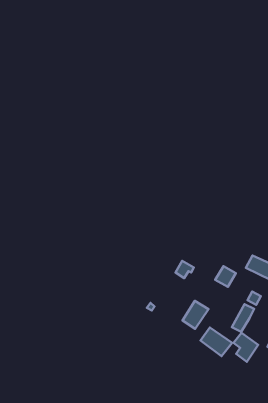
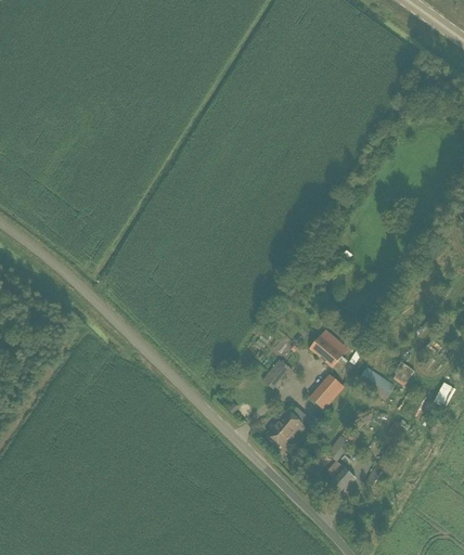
building: none -> [308,328,347,367]
building: [200,327,232,356] -> none

